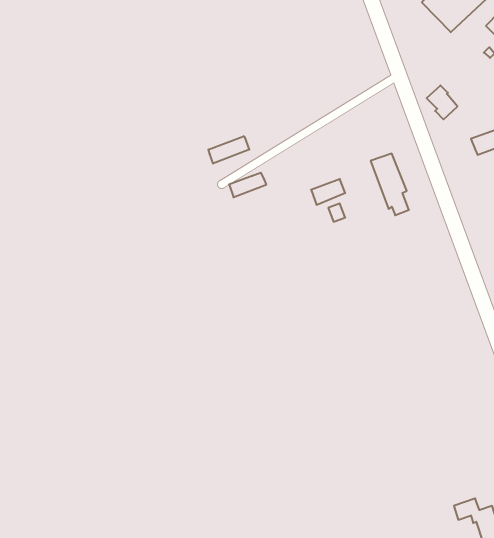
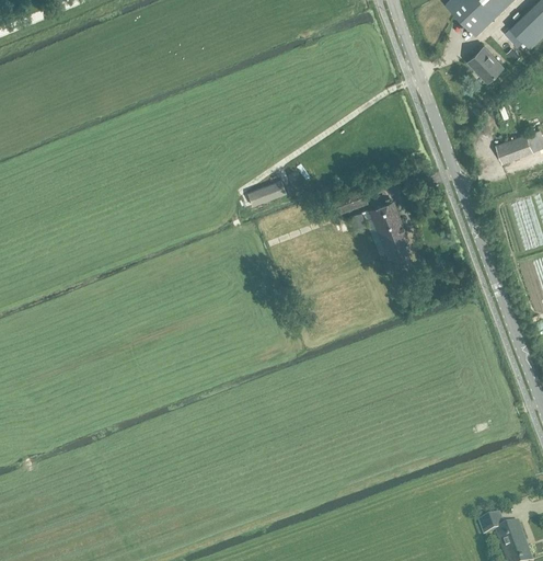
building: [427,85,457,119] -> [470,47,501,82]
building: [208,136,249,164] -> none
building: [371,154,409,215] -> [370,202,409,265]

